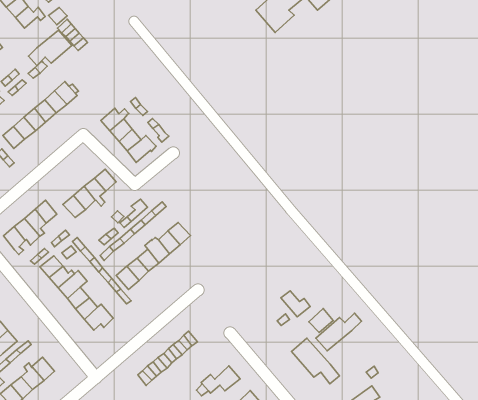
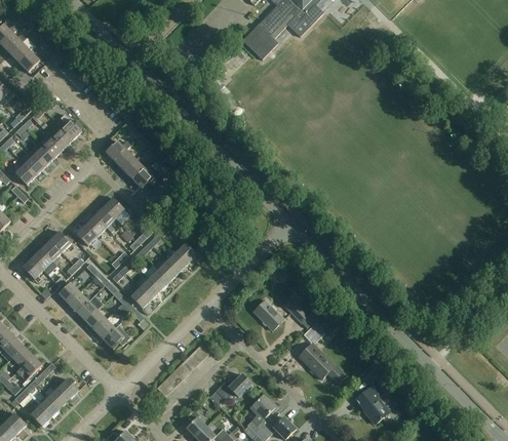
building: [29,30,72,65] -> none
building: none -> [253,299,283,330]
building: [316,313,362,351] -> none

